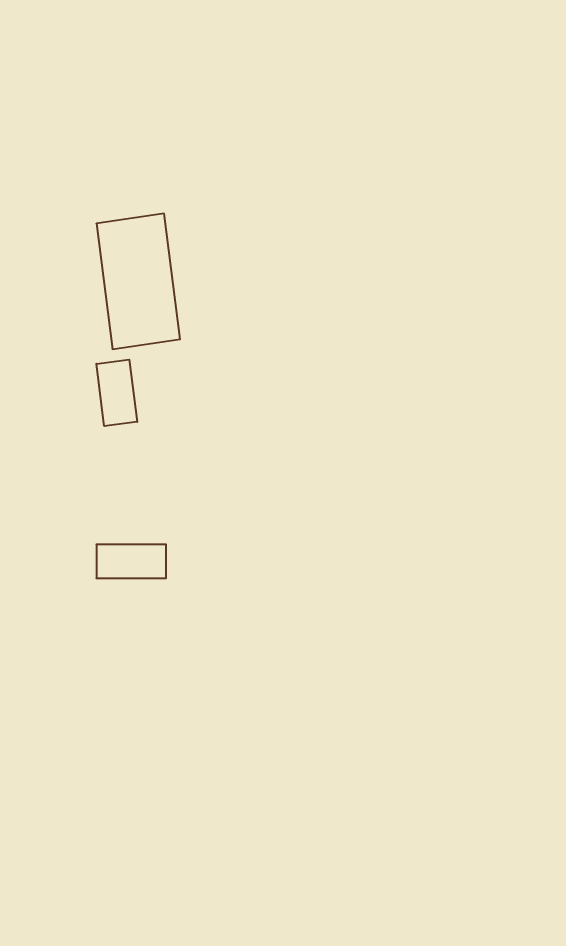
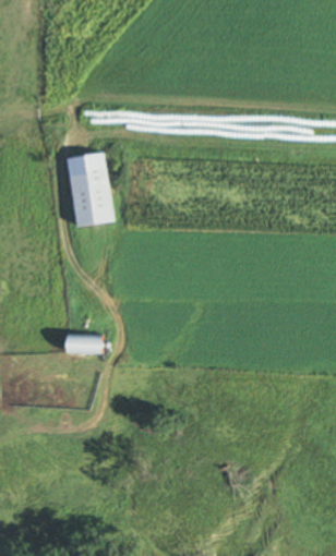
building: [96,360,137,426] -> none

